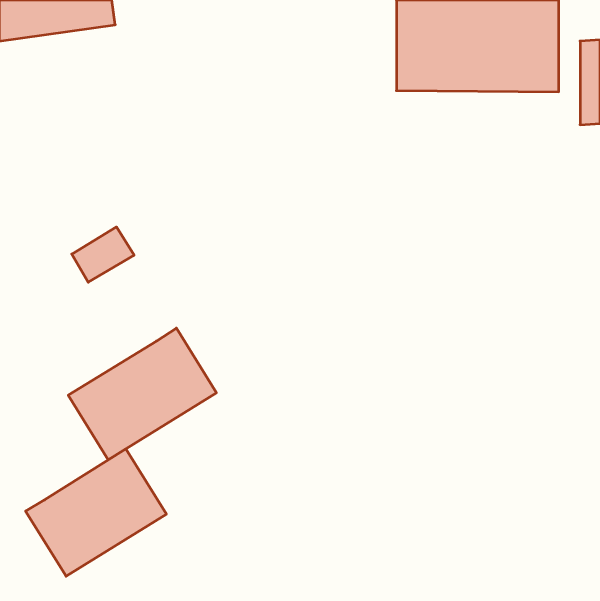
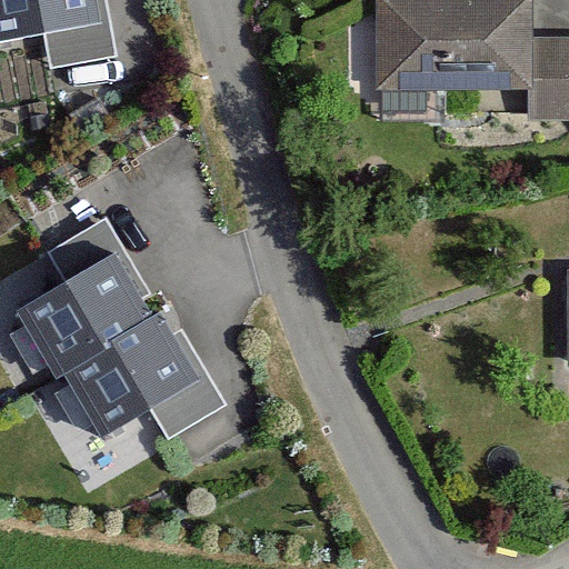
building: none -> [18,259,148,378]
building: [26,449,166,576] -> none

